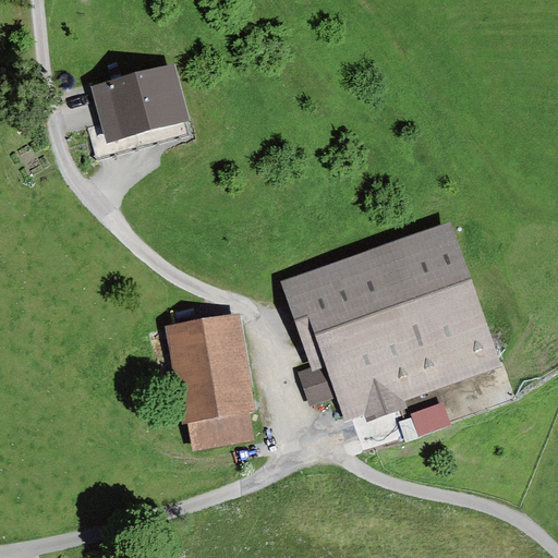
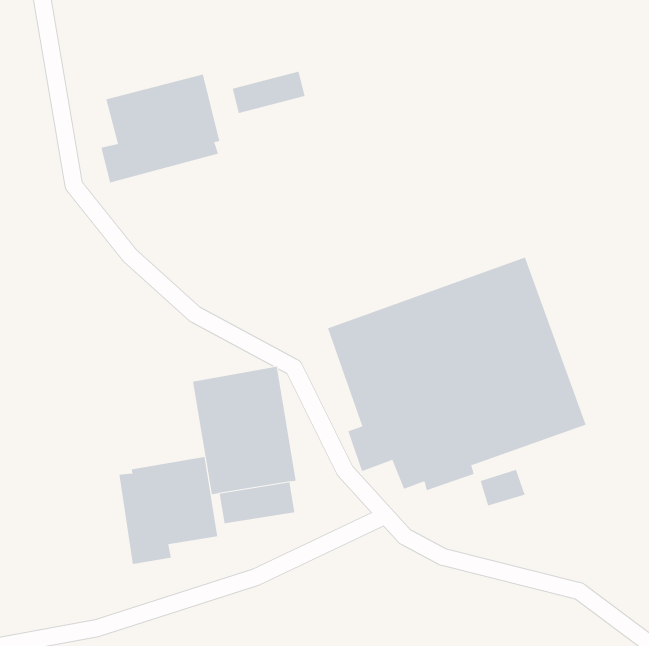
building: none -> [232,71,305,114]
building: none -> [119,456,218,565]

